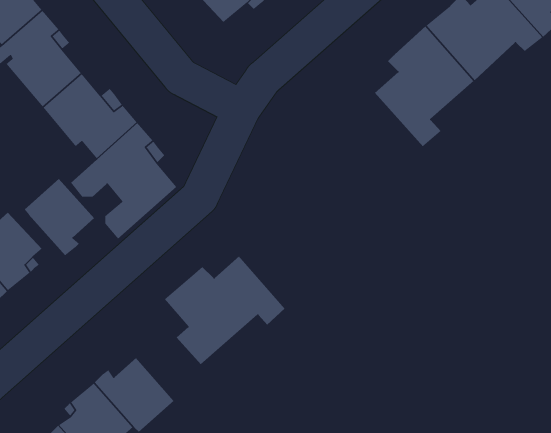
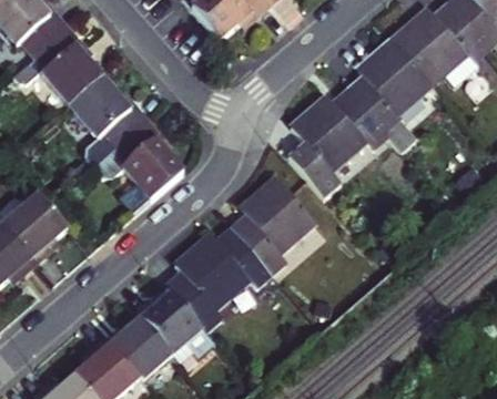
building: none -> [282,94,388,191]
building: [24,178,95,256] -> none
building: none -> [234,176,314,275]
building: none -> [142,291,206,352]

